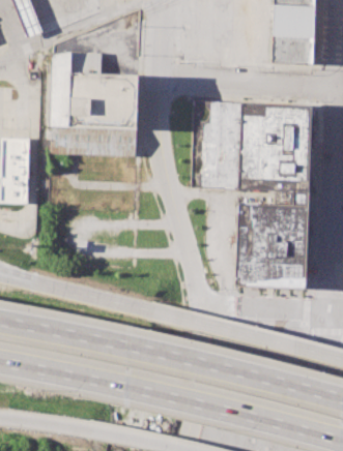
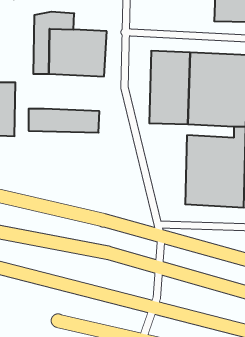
building: [53,127,139,156] -> [29,109,99,133]

